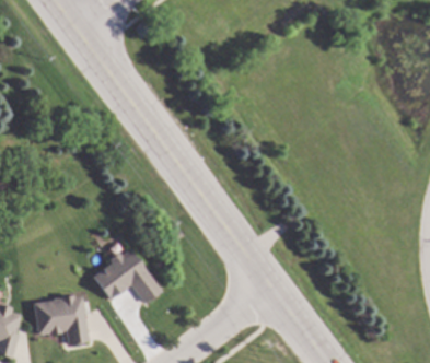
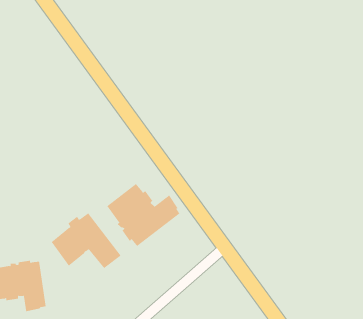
building: none -> [107,183,180,247]

